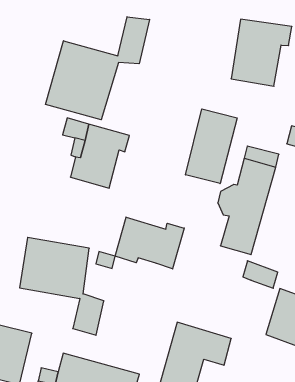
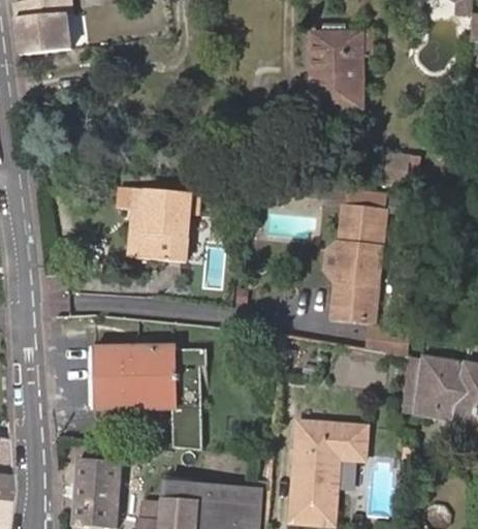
building: [45,17,150,120] -> none
building: [186,109,237,184] -> none
building: [115,217,184,269] -> none

